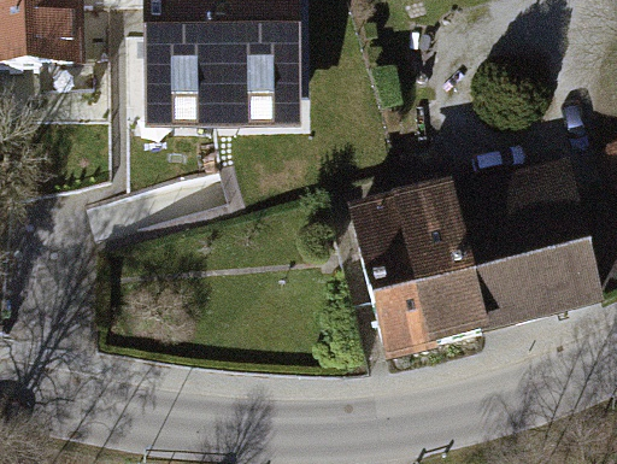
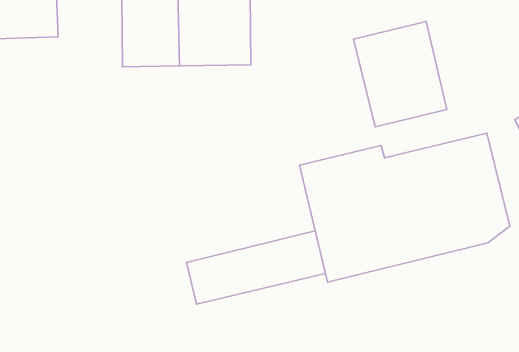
building: none -> [353,22,447,127]
building: none -> [187,231,325,304]

